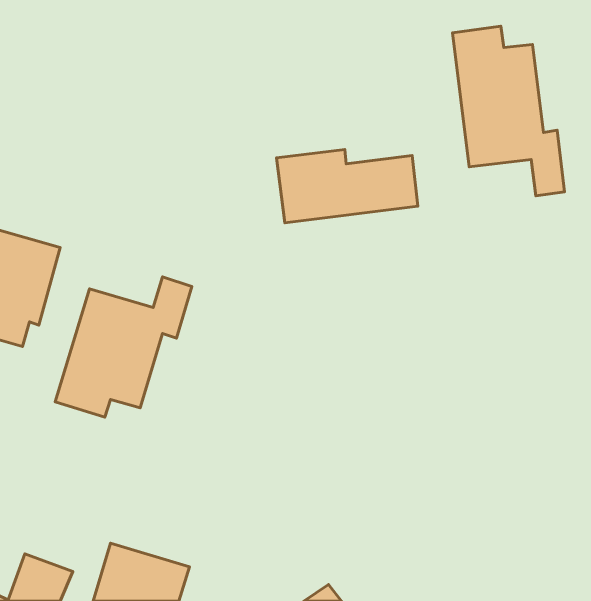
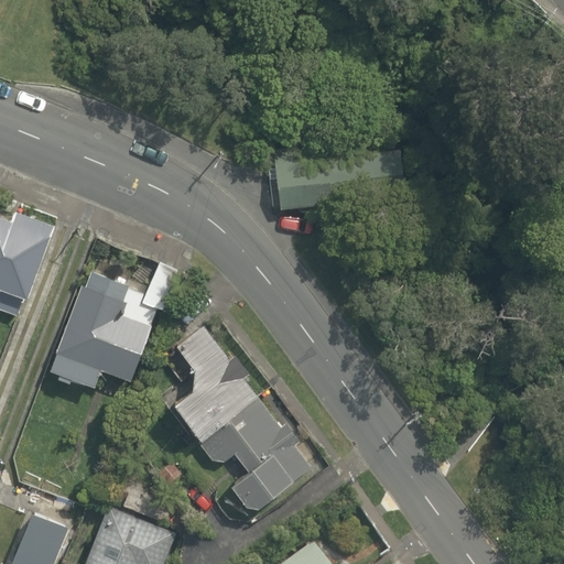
building: [452,26,565,196] -> none
building: none -> [173,327,312,523]

